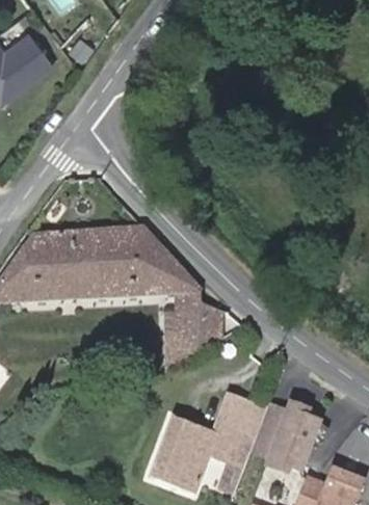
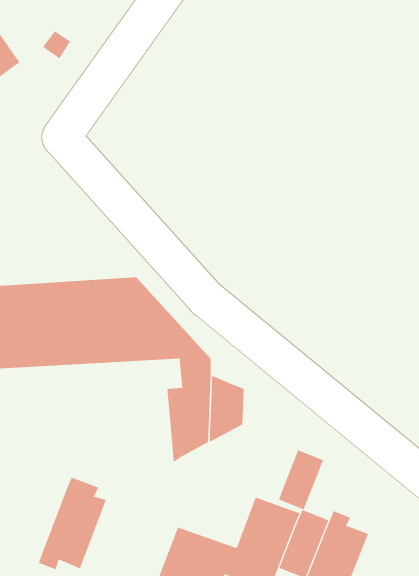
building: none -> [278,450,324,510]
building: none -> [38,477,107,570]

